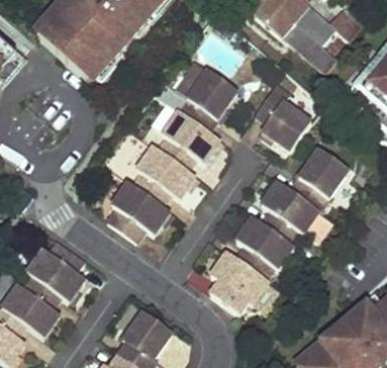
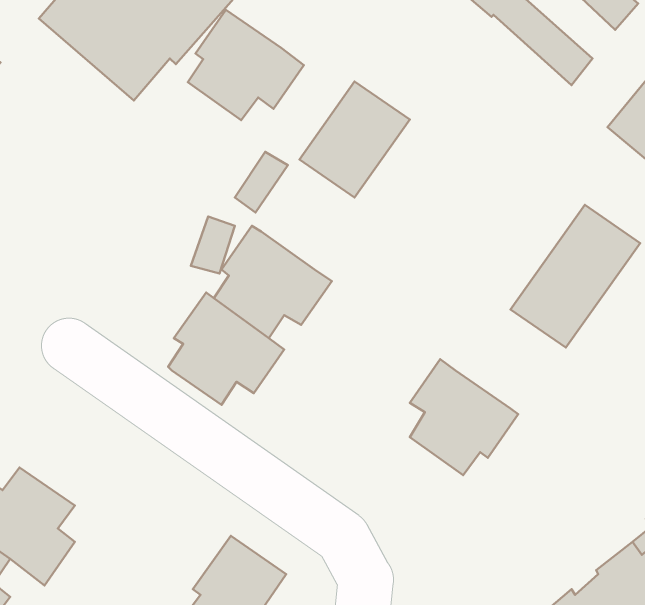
building: [256,78,315,149] -> none
building: [159,109,220,168] -> [188,10,304,120]
building: [262,180,333,242] -> none
building: [27,237,85,299] -> none
building: [212,251,270,313] -> none

